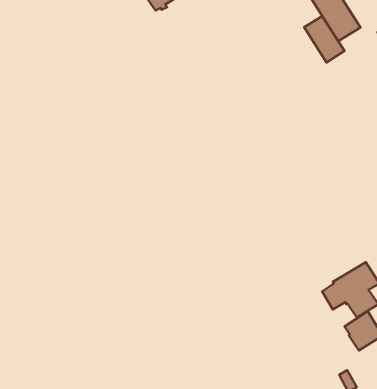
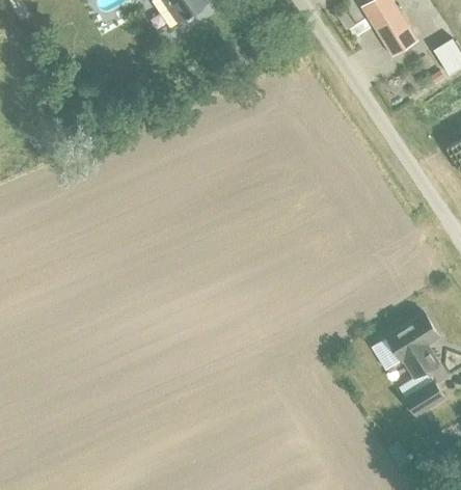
building: [304,16,344,63] -> none

